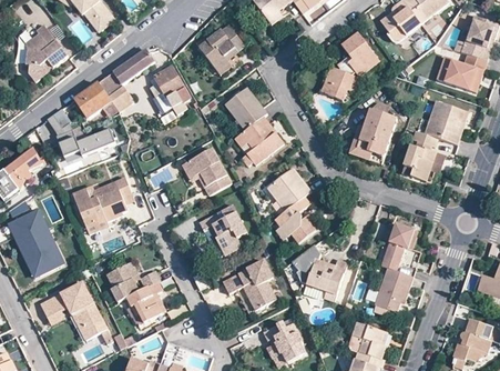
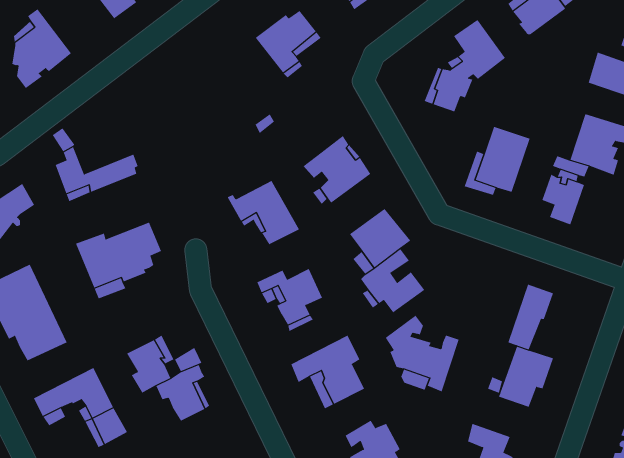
building: [73,49,154,119] -> none
building: [147,64,191,117] -> none
building: [223,87,266,130] -> none

